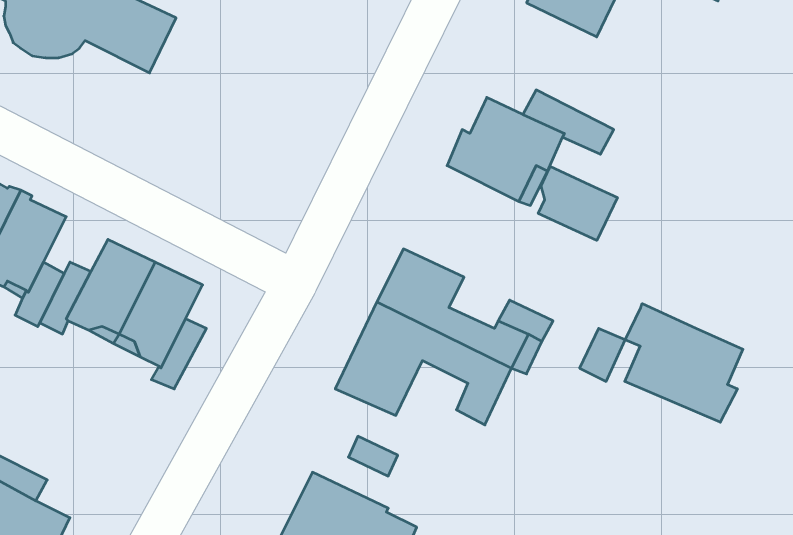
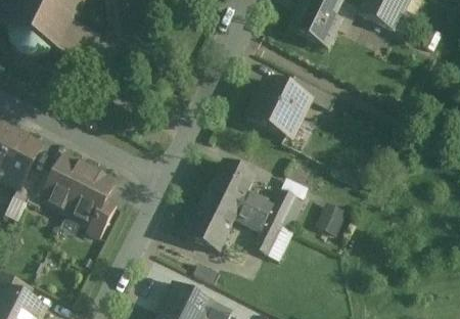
building: [538,166,617,240] -> none
building: [625,304,743,422] -> none

